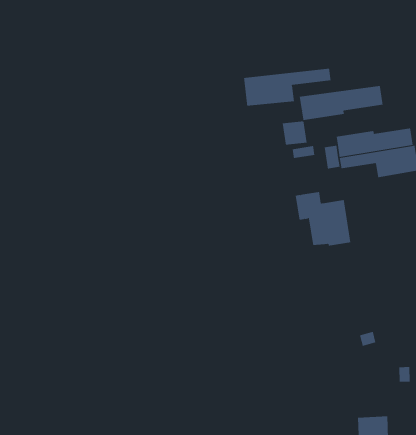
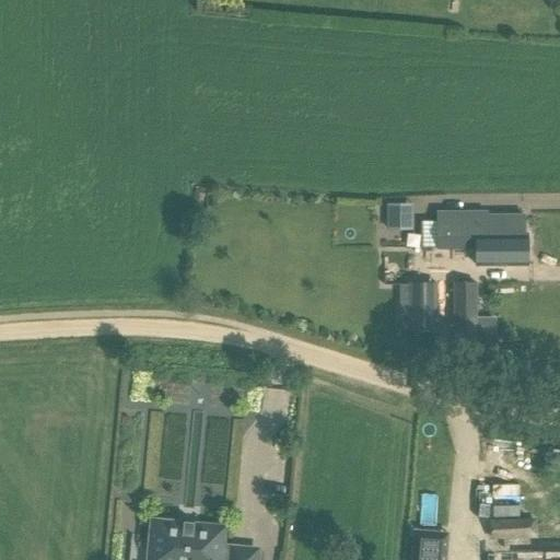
building: [243,68,331,107] -> none
building: [299,85,383,121] -> none
building: none -> [456,281,479,351]

